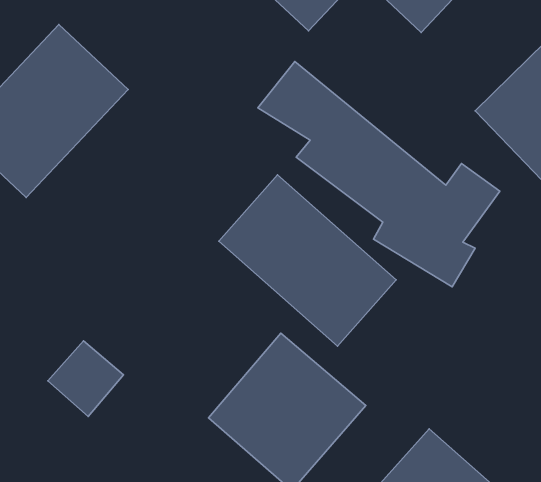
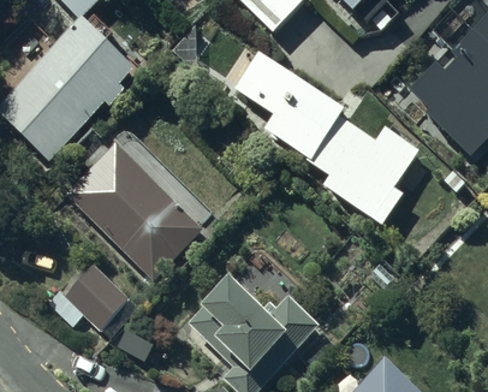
building: [219,175,396,346] -> [69,147,207,280]

